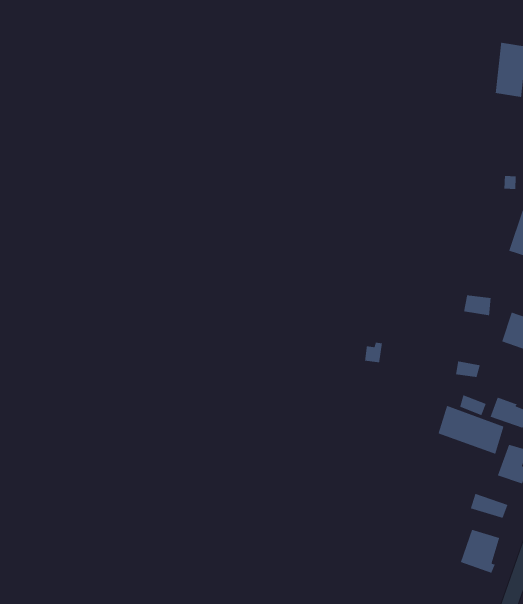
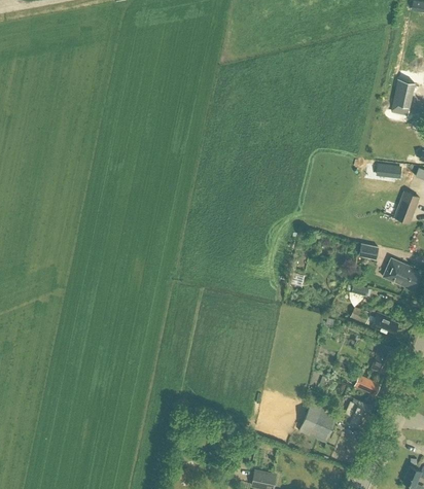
building: [438,405,505,455] -> none
building: none -> [301,405,339,443]

